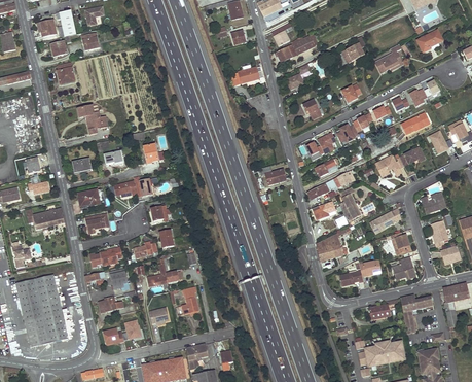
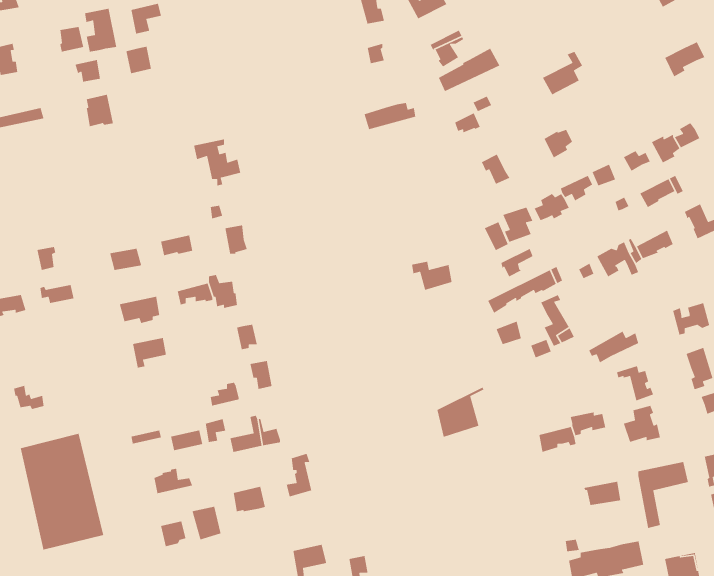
building: [375,44,403,73] -> none
building: [78,104,108,134] -> [193,139,241,187]
building: [30,208,65,230] -> none
building: [317,230,347,262] -> [436,386,484,438]
building: [90,247,122,268] -> none

